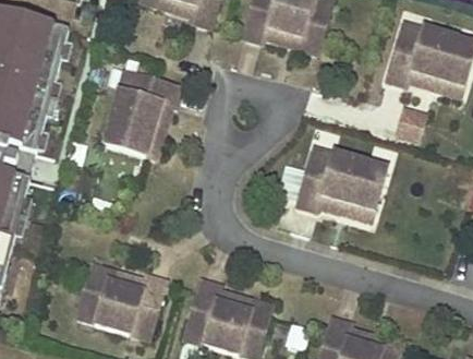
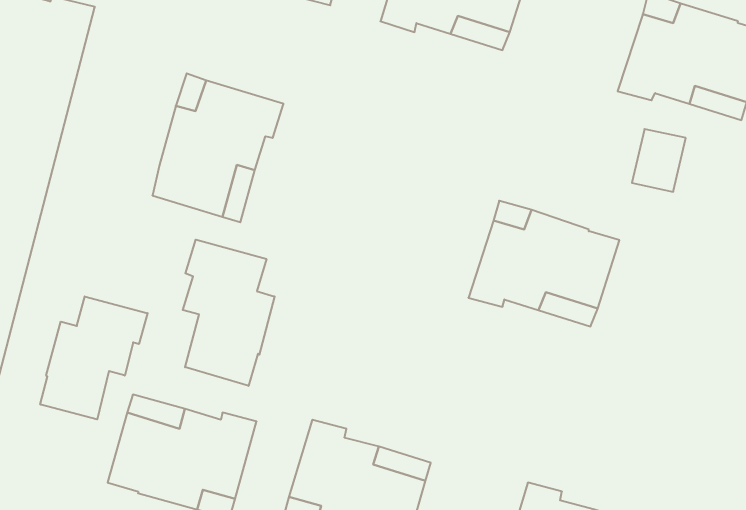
building: none -> [183,240,275,386]
building: none -> [40,296,148,419]

